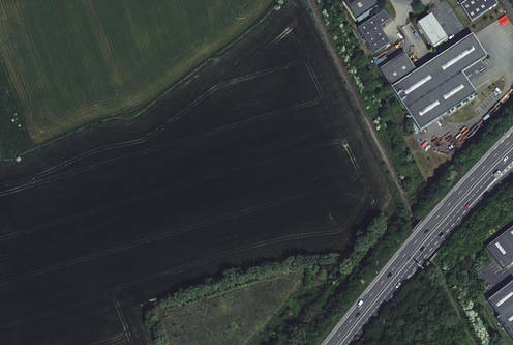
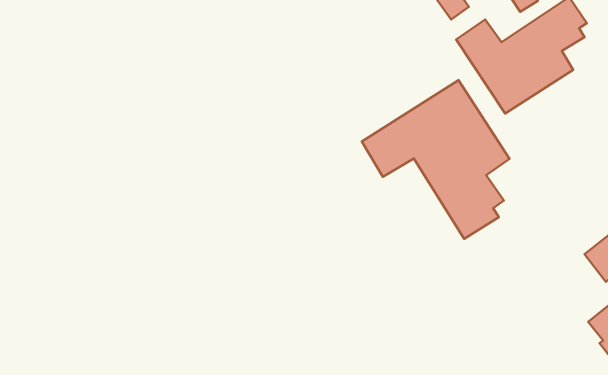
building: none -> [362,80,510,239]

